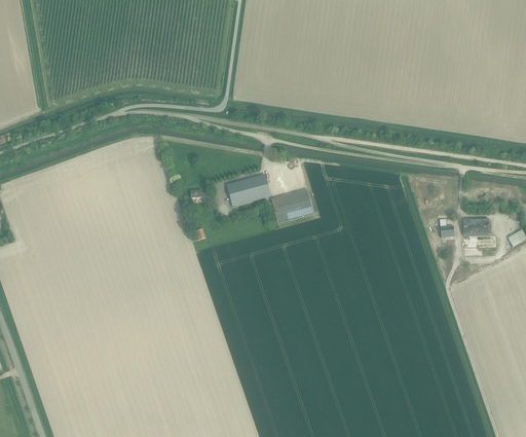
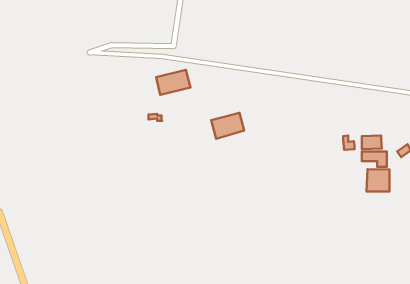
building: [226,173,270,205] -> [156,70,191,95]
building: none -> [367,169,390,192]

